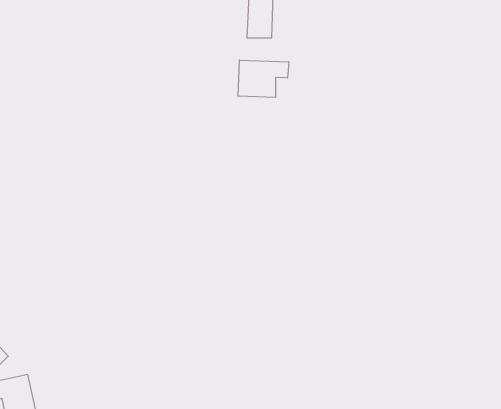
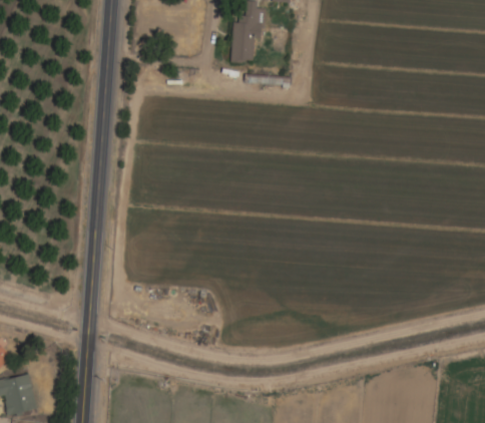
building: [238,60,289,97] -> none

